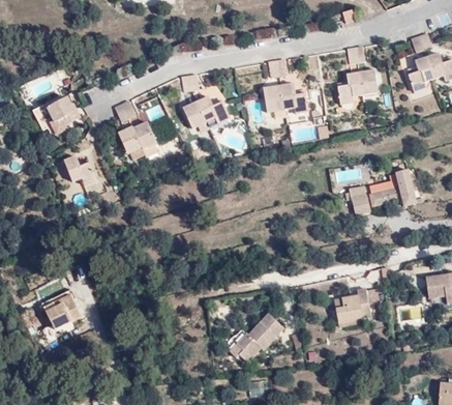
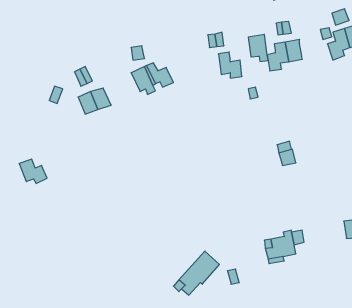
building: [263,84,285,115] -> [248,34,268,61]
building: [49,95,81,124] -> none
building: [66,156,98,184] -> [19,159,47,183]
building: [369,168,416,204] -> none
building: [41,295,81,328] -> none

